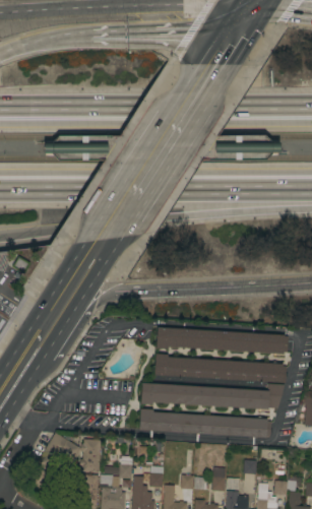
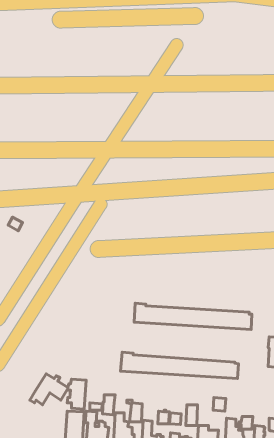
building: [157,327,289,354] -> none
building: [141,383,285,409] -> none

